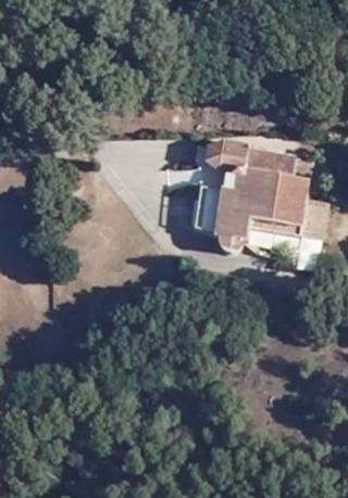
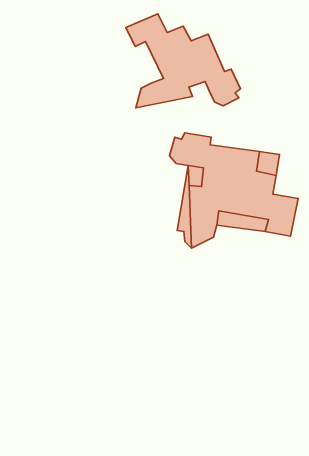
building: none -> [126,14,241,108]

